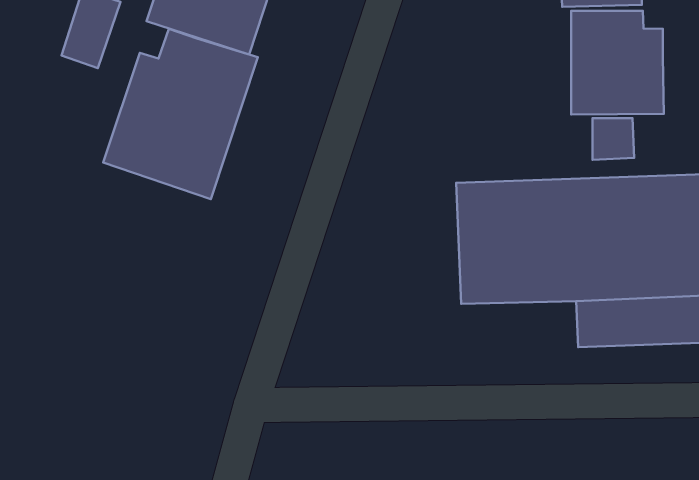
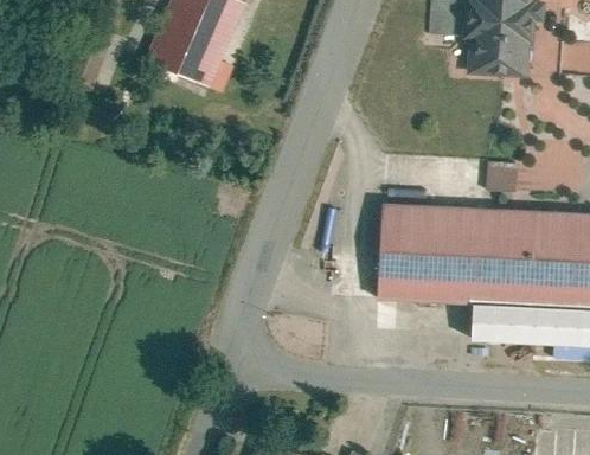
building: [571,11,664,114] -> none
building: [103,29,258,199] -> none

